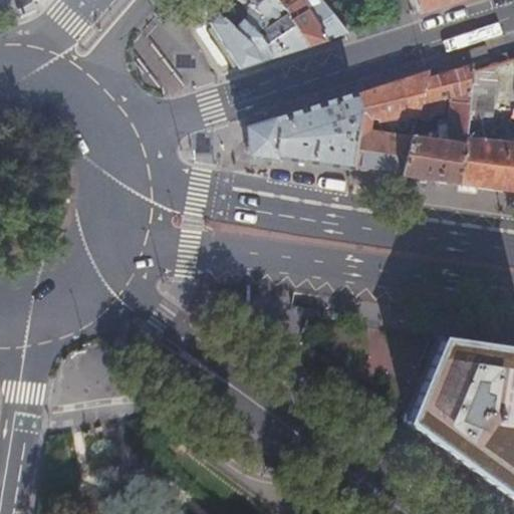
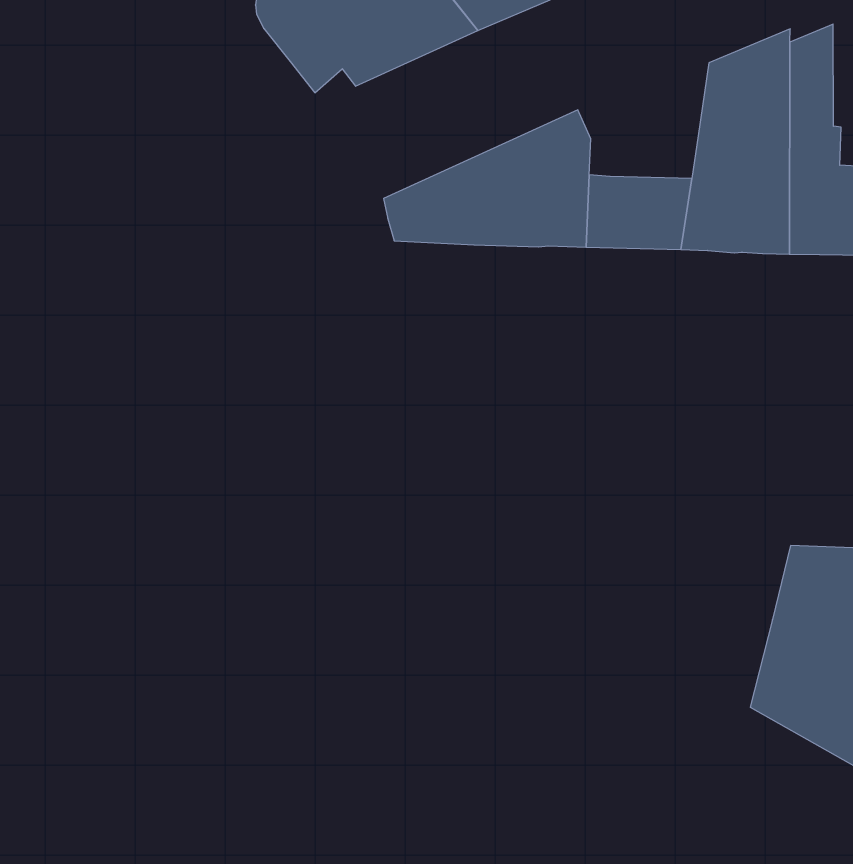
building: [358,69,433,131] -> none

